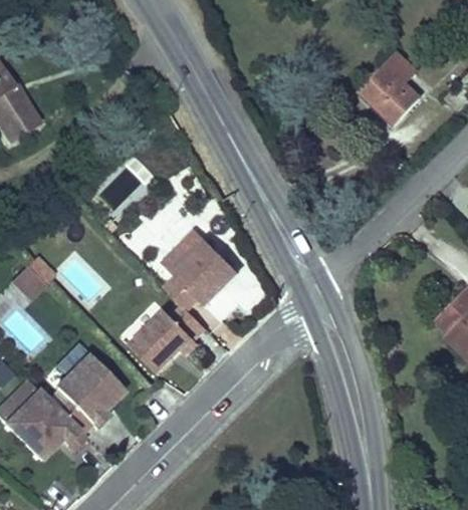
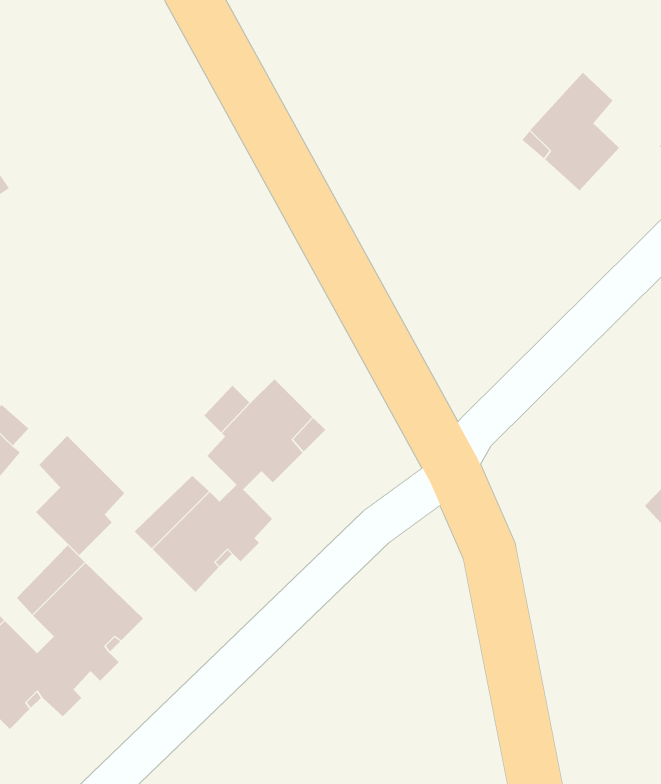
building: none -> [35,435,125,556]

